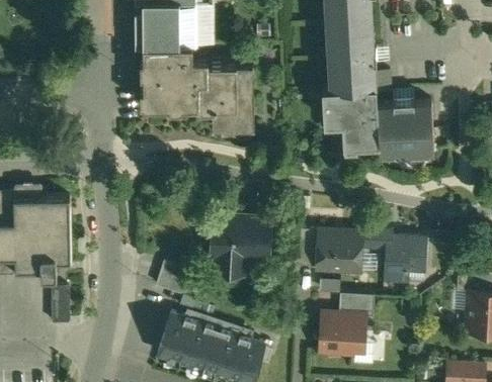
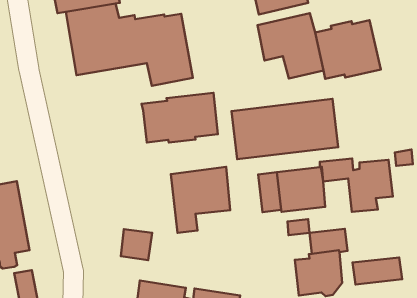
building: none -> [142,93,218,143]
building: none -> [232,99,338,159]
building: none -> [352,258,402,284]

